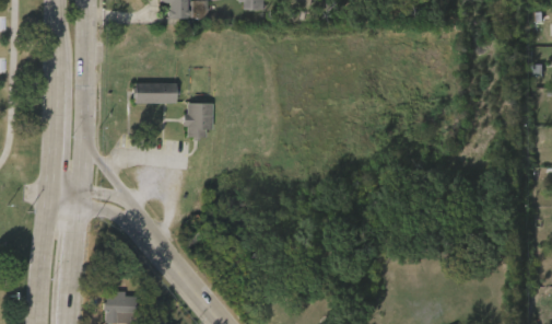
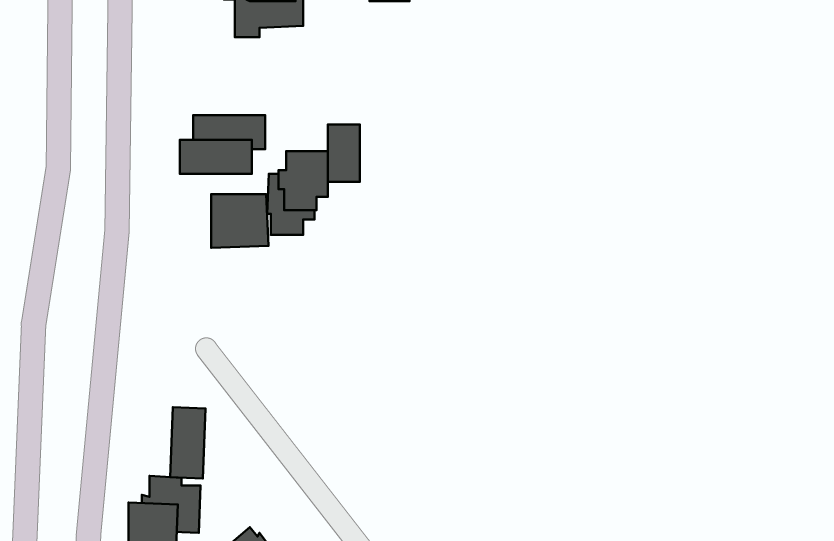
building: none -> [328,124,360,182]
building: none -> [211,194,268,248]
building: none -> [170,407,206,478]

